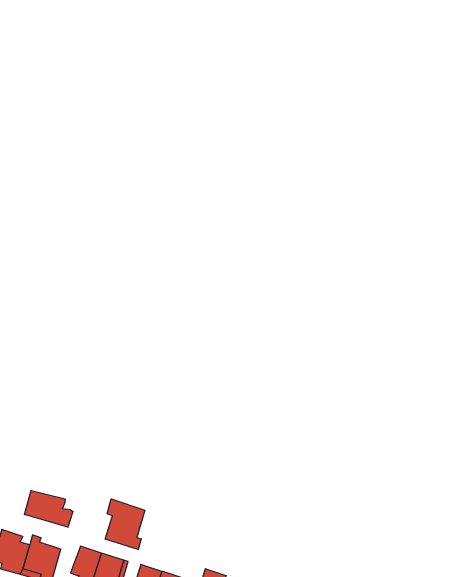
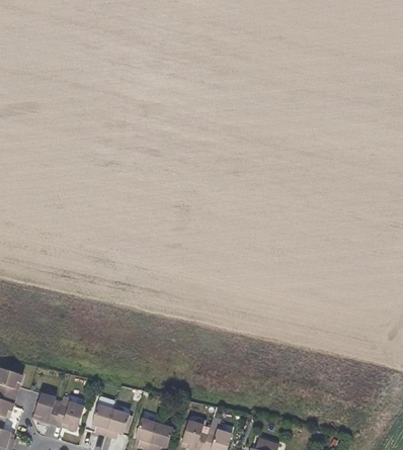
building: [24,490,73,527] -> none
building: [105,499,145,550] -> none

